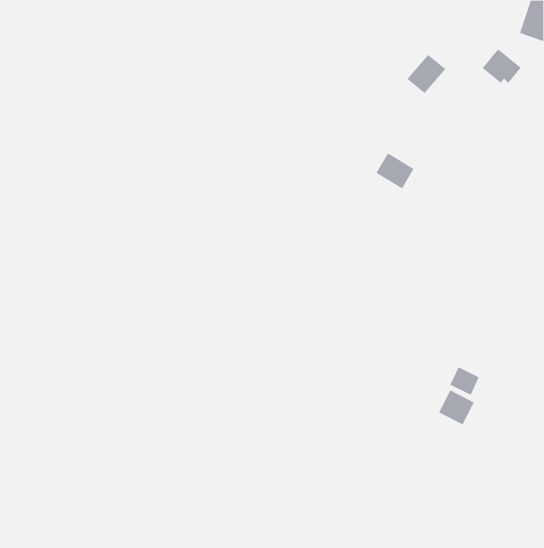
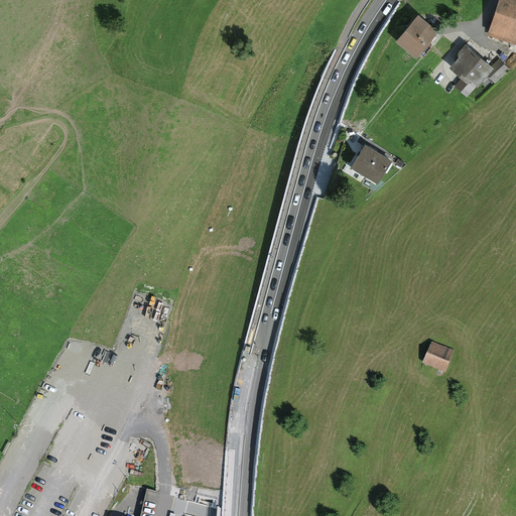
building: [406,54,446,94] -> [400,19,437,56]
building: [438,390,474,425] -> none

